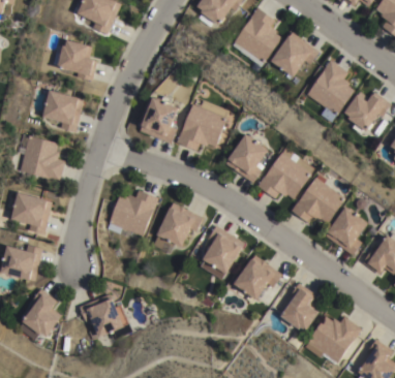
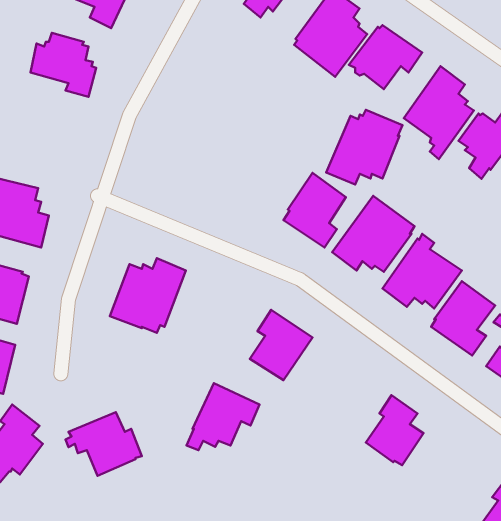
building: [42,87,84,131] -> none
building: [140,94,178,143] -> none
building: [176,99,227,150] -> [326,110,402,185]
building: [153,202,203,248] -> [186,383,259,450]
building: [233,254,281,298] -> none
building: [304,315,362,361] -> none

